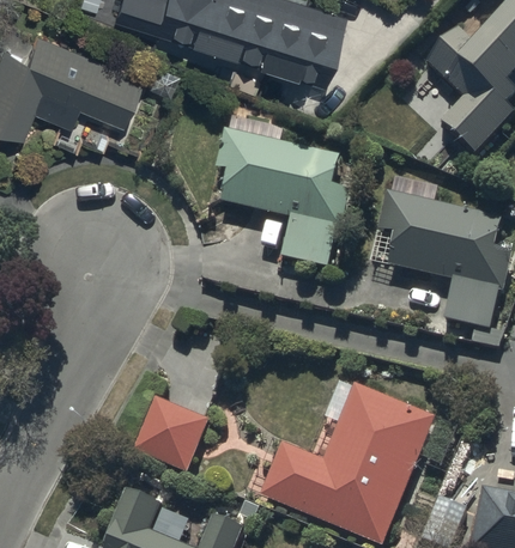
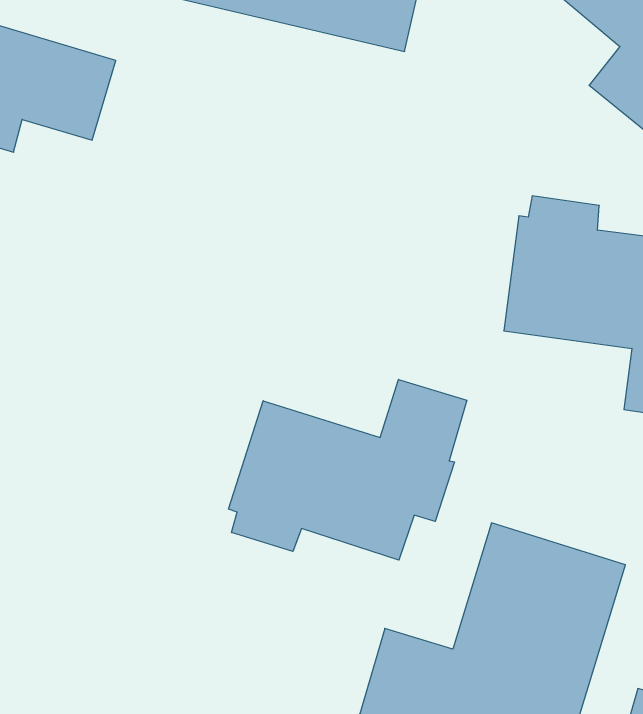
building: [208,118,352,269] -> none
building: none -> [228,379,467,560]
building: [134,400,208,475] -> none

